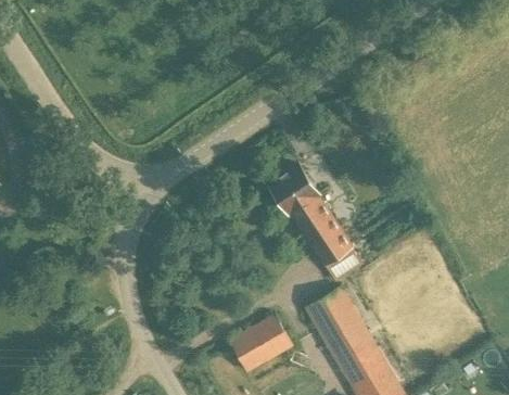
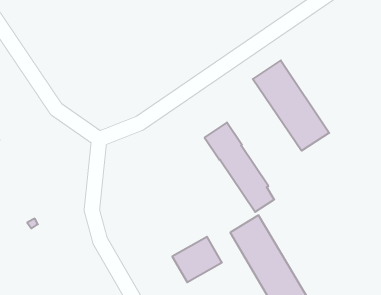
building: none -> [253,60,329,151]

